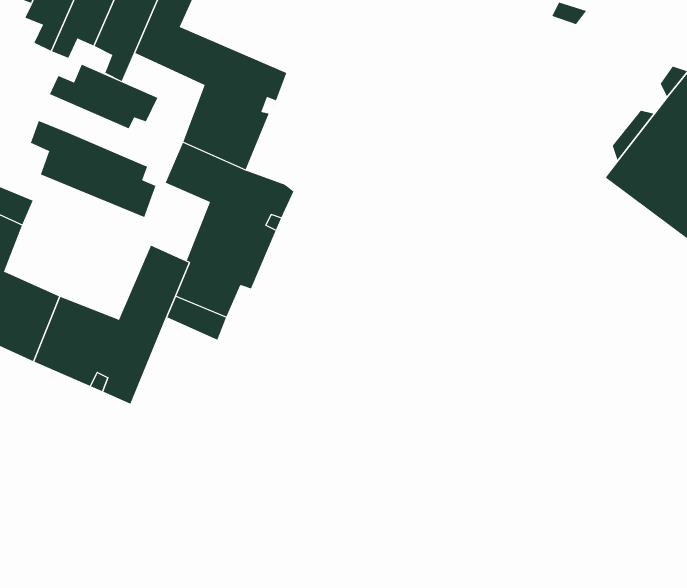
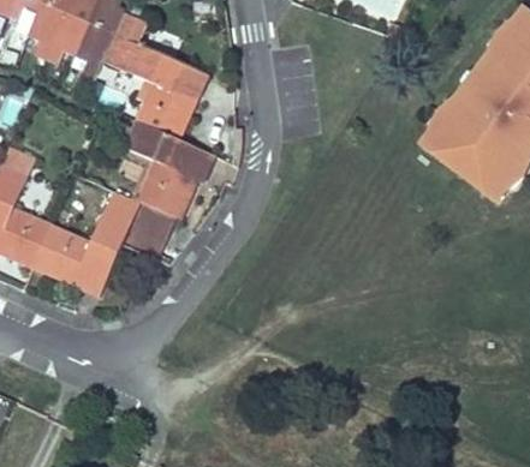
building: [49,64,158,129] -> none
building: [30,120,156,218] -> none

